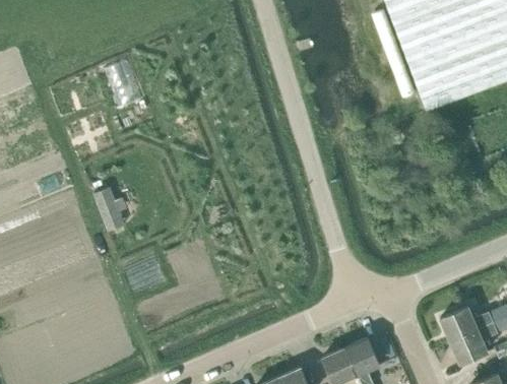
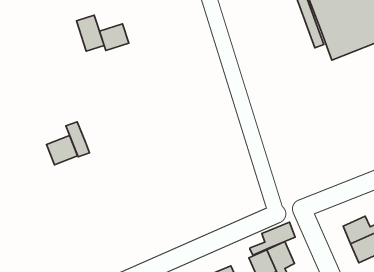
building: none -> [99,24,129,51]
building: none -> [47,135,78,165]
building: none -> [250,222,295,255]

